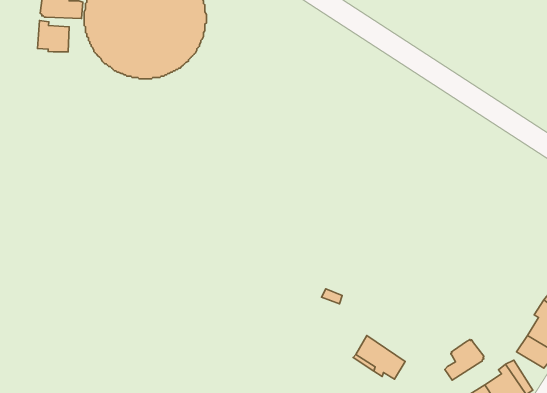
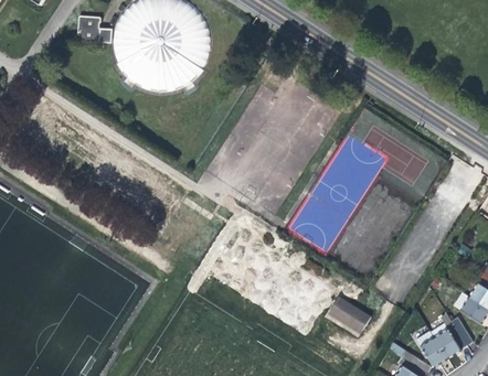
building: [38,21,69,52] -> none
building: [445,339,484,380] -> none

